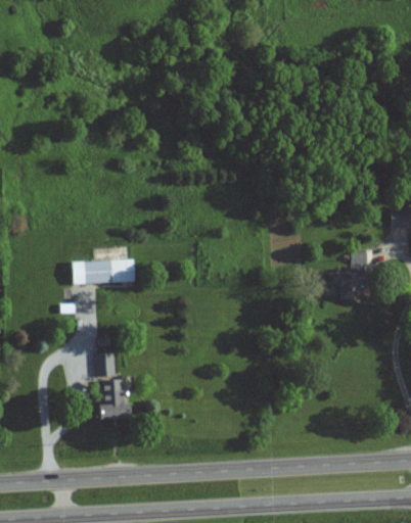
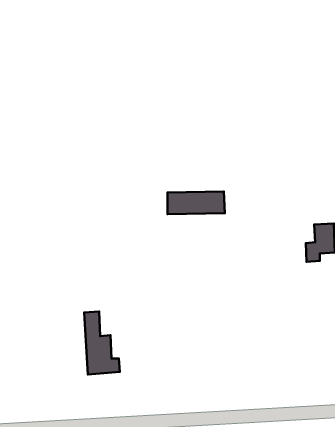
building: [73,259,135,284] -> [168,192,225,214]

